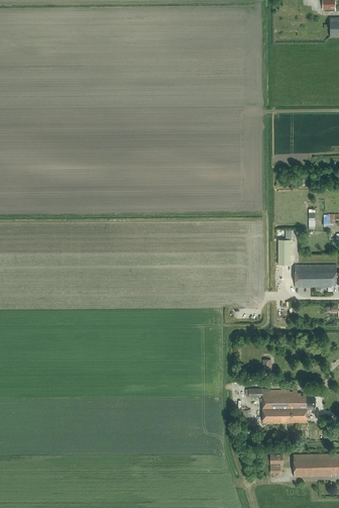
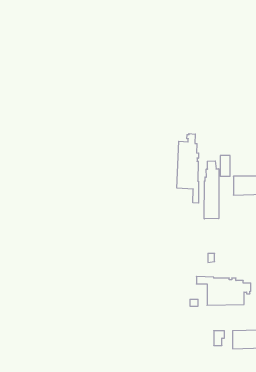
building: none -> [177,134,199,203]
building: none -> [204,161,219,219]

